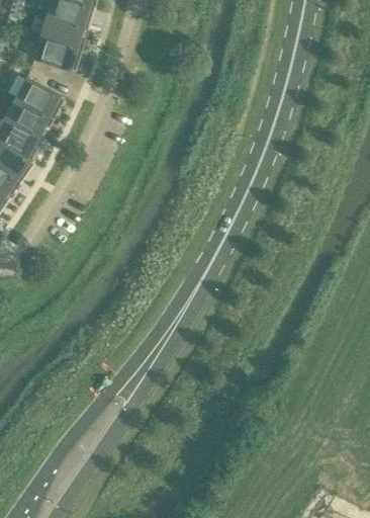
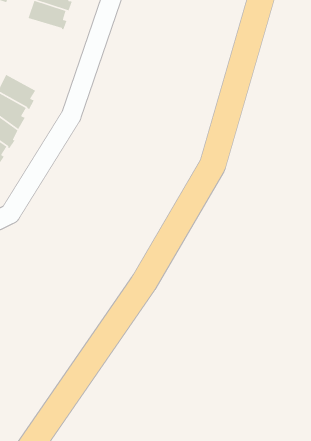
building: [34,35,78,70] -> none
building: [16,77,61,118] -> none

